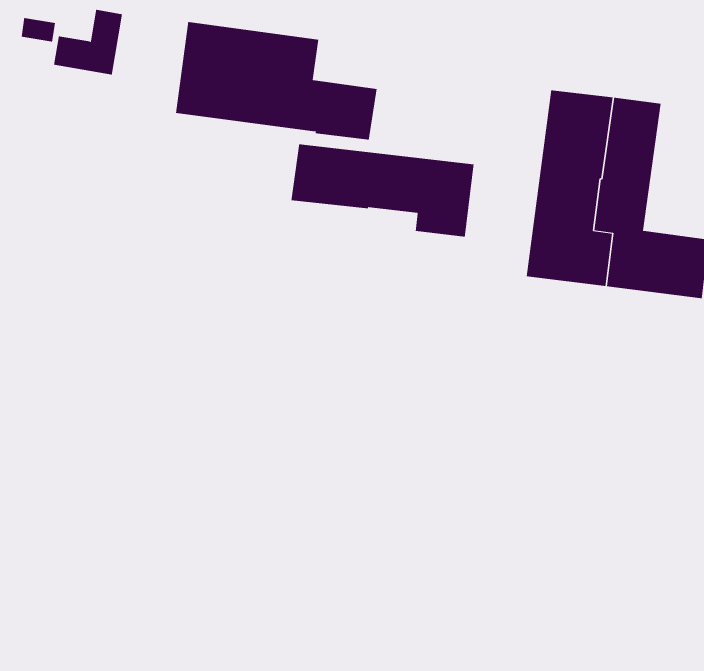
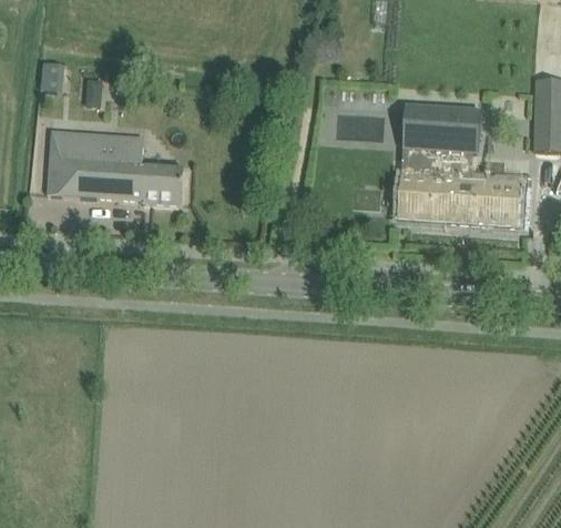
building: [175,22,378,140] -> [47,131,184,204]
building: [291,143,474,238] -> none

